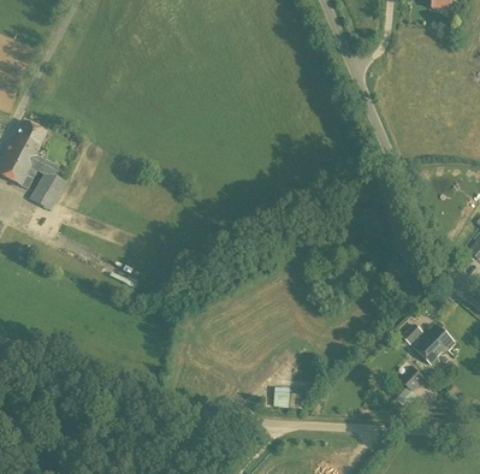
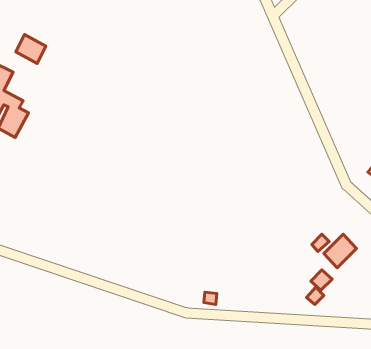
building: none -> [16,35,46,63]

